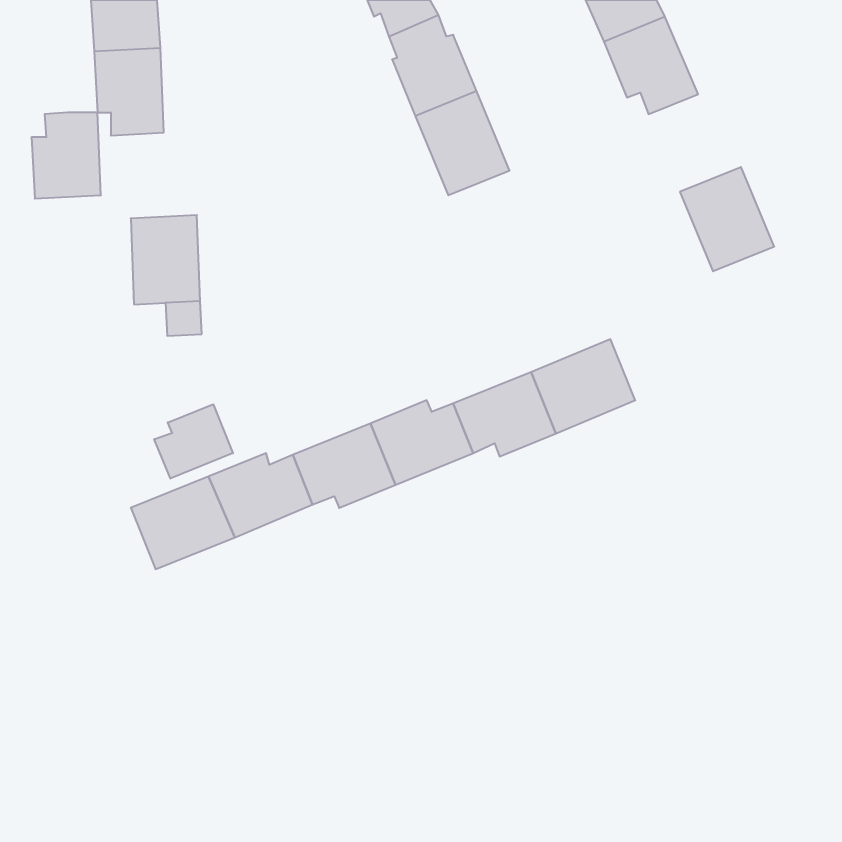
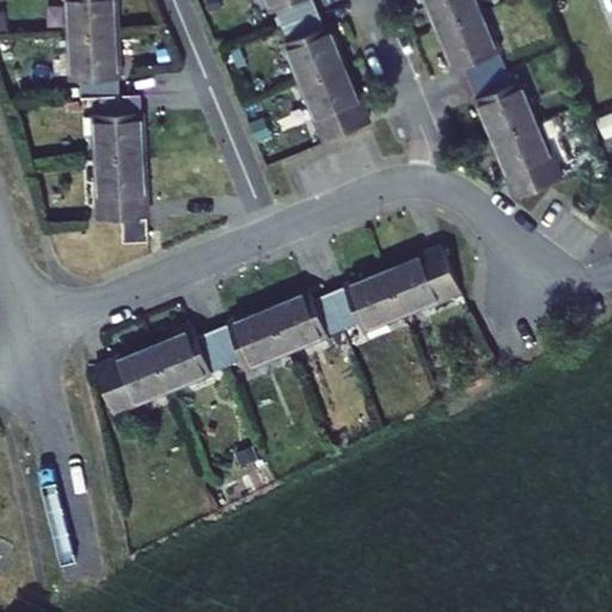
building: none -> [469,71,536,141]
building: [31,112,101,199] -> [92,98,142,160]
building: [154,404,233,479] -> none

